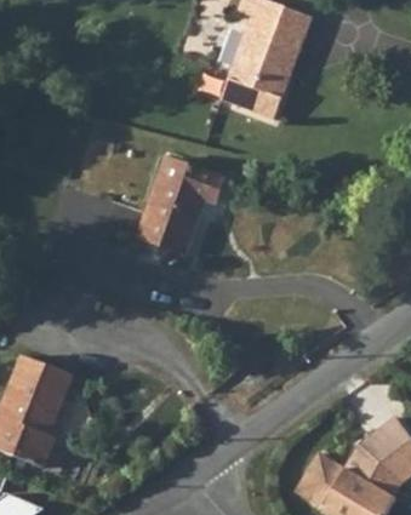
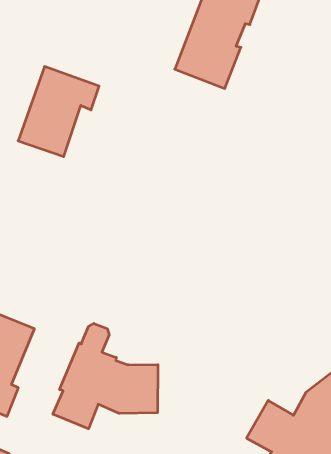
building: [137,158,223,253] -> [18,67,99,157]
building: none -> [53,323,158,429]

